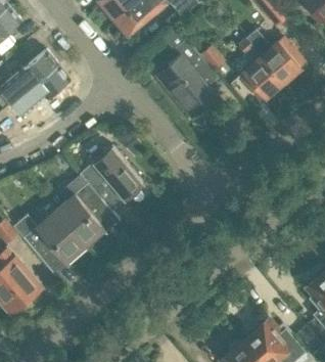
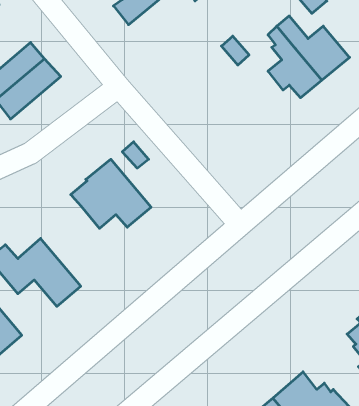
building: [157,39,218,118] -> none
building: [48,175,109,248] -> none

